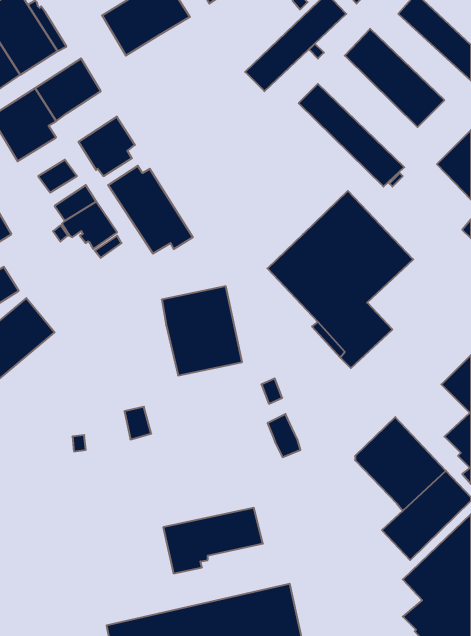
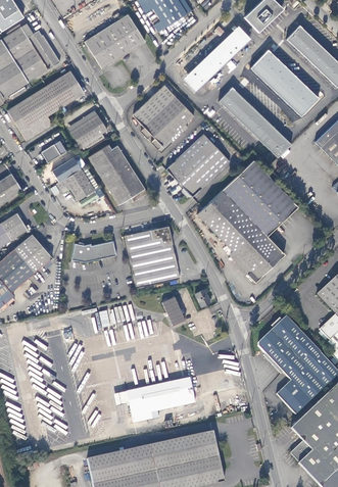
building: none -> [133,85,193,152]
building: none -> [166,133,230,196]
building: none -> [71,240,116,260]
building: [268,414,300,457] -> [161,295,184,325]

